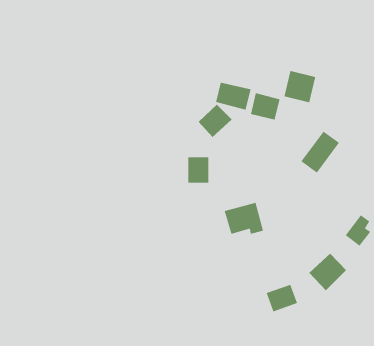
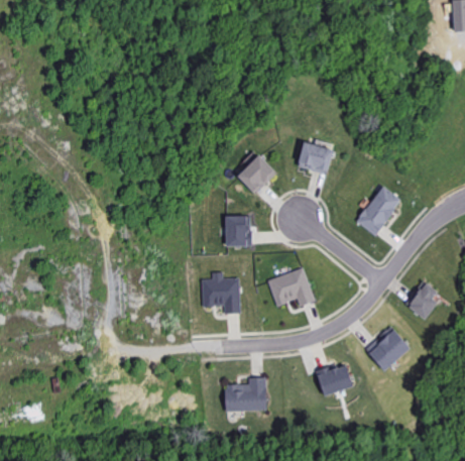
building: [284,70,316,103] -> none
building: [216,82,251,111] -> none
building: none -> [201,271,239,313]
building: none -> [224,377,265,411]

